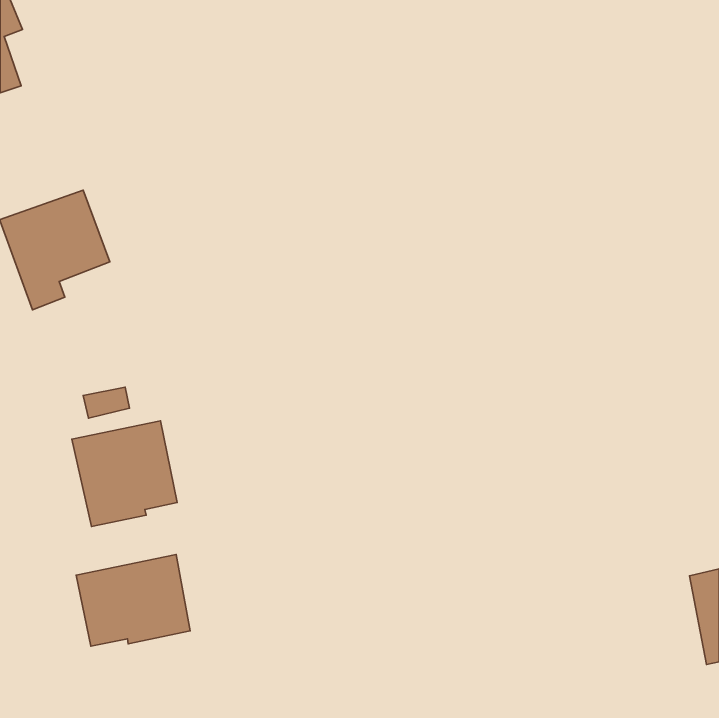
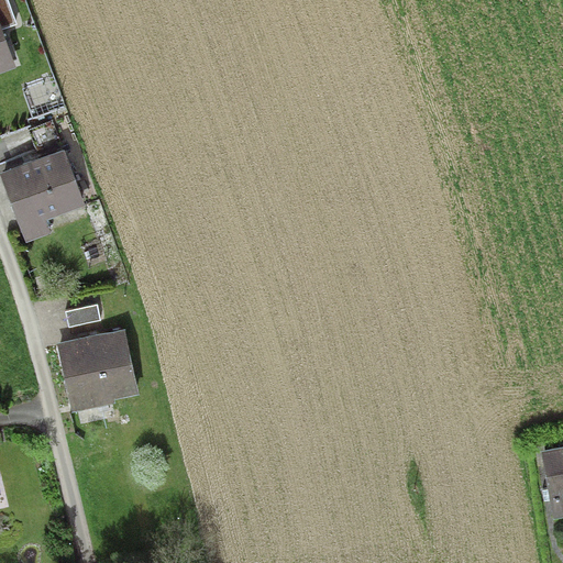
building: [76,554,190,646] -> none

